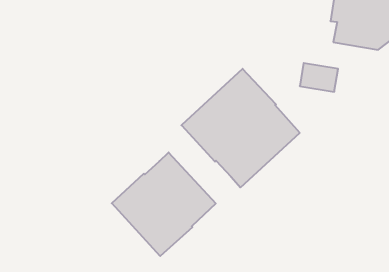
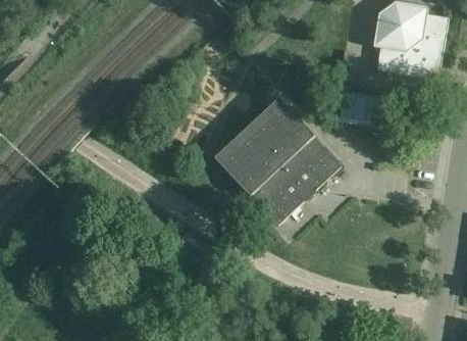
building: [112,152,216,256] -> none

